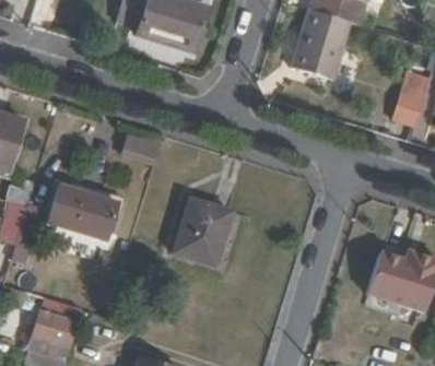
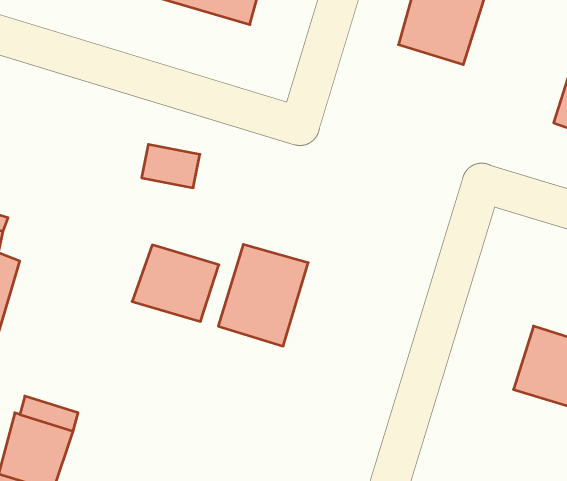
building: [48,185,105,235] -> [132,245,219,321]

